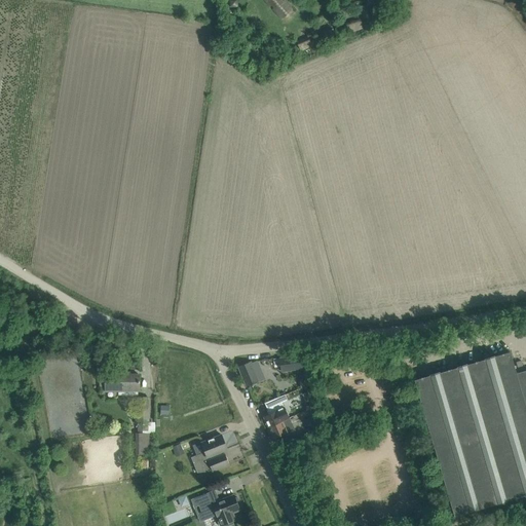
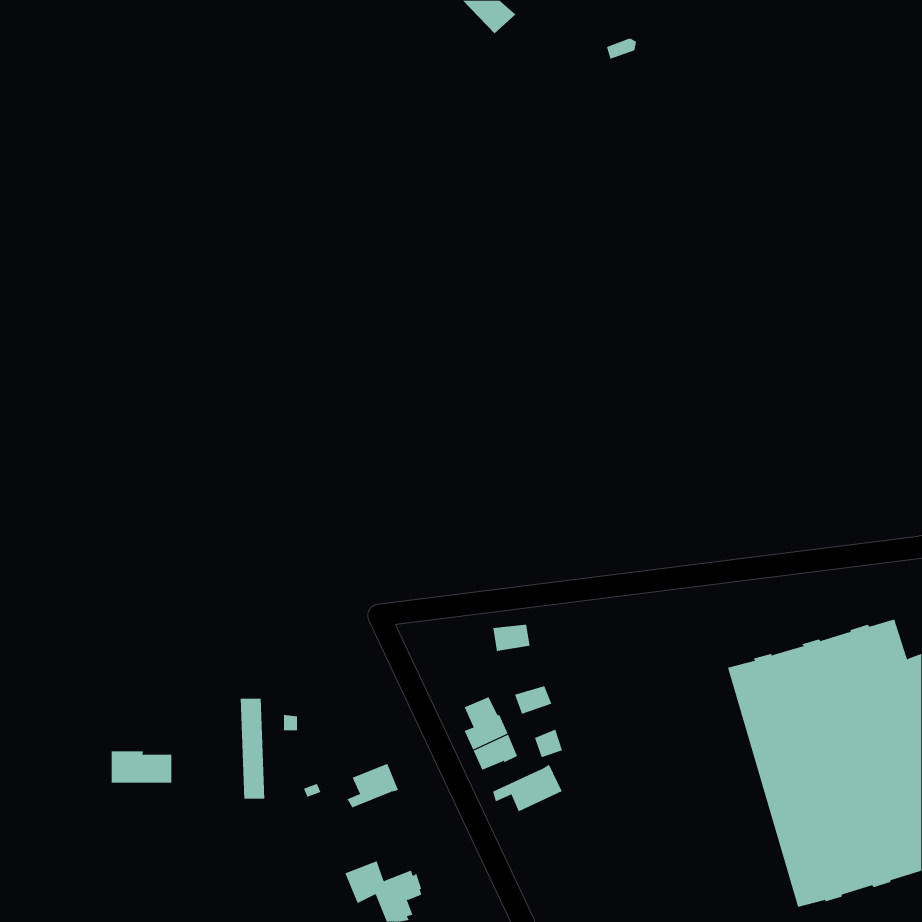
building: [238,362,264,386] -> none
building: [105,373,140,391] -> [111,751,172,783]
building: none -> [493,764,562,812]
building: [191,451,229,473] -> none

